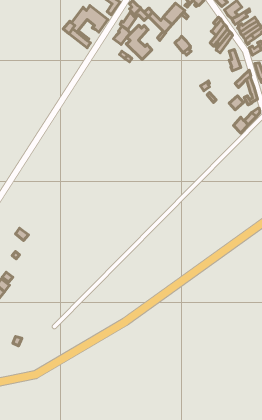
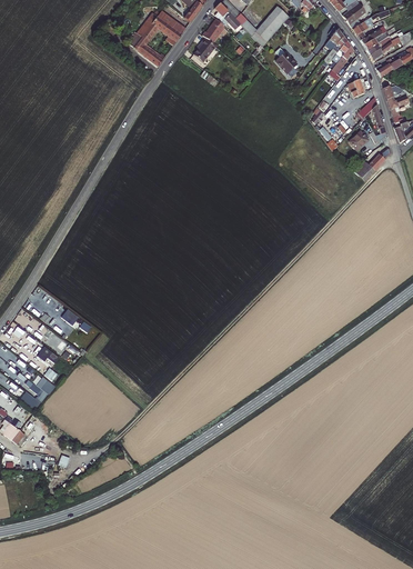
building: [126,25,152,59] -> none

